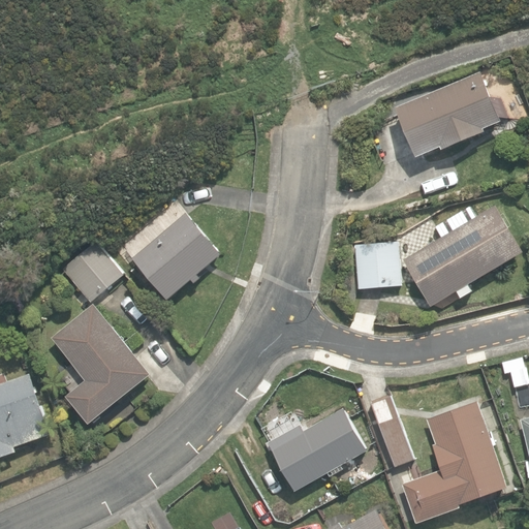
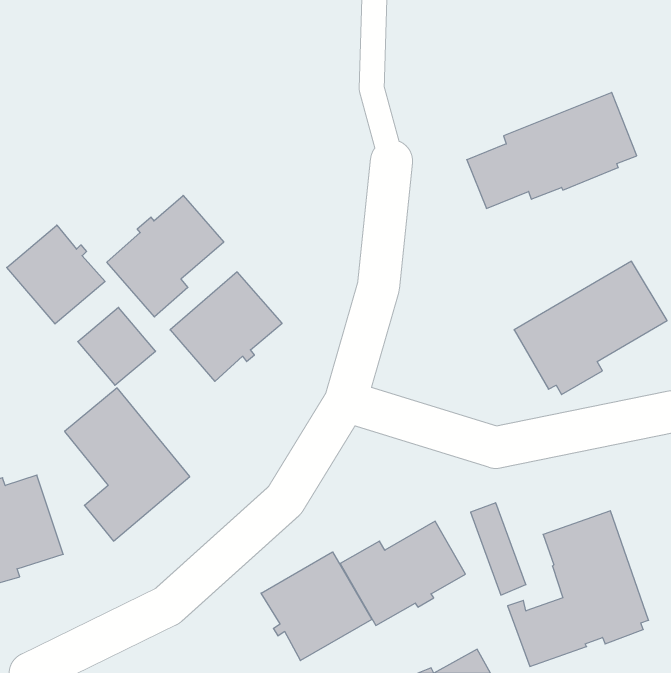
building: none -> [107,195,224,317]
building: none -> [7,225,105,324]
building: [353,241,399,287] -> none
building: none -> [261,552,372,661]

